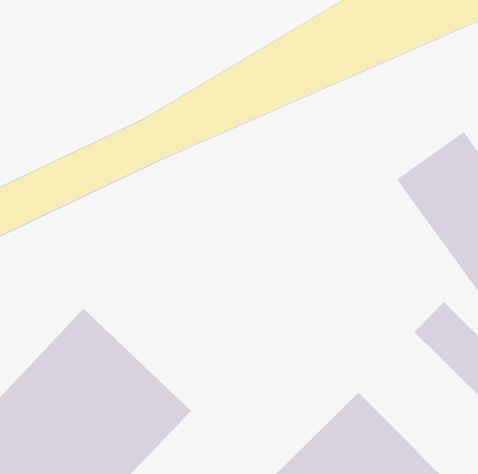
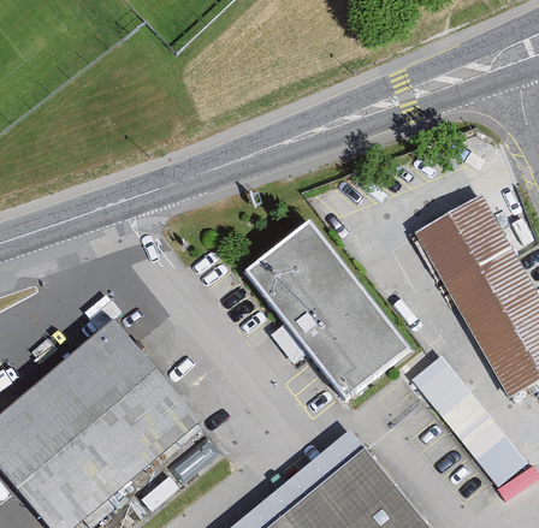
building: none -> [244,223,408,403]

